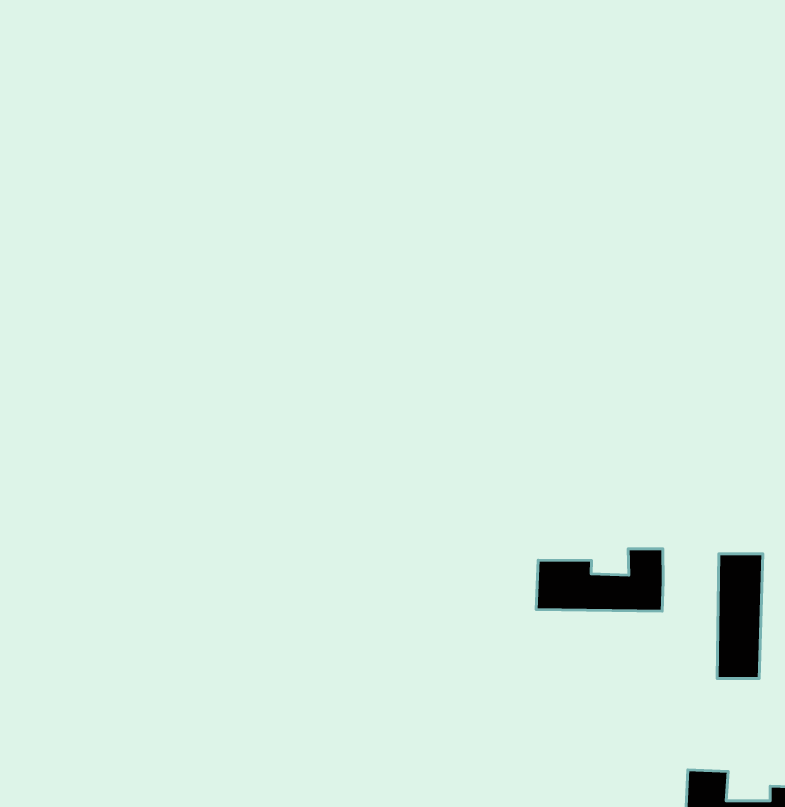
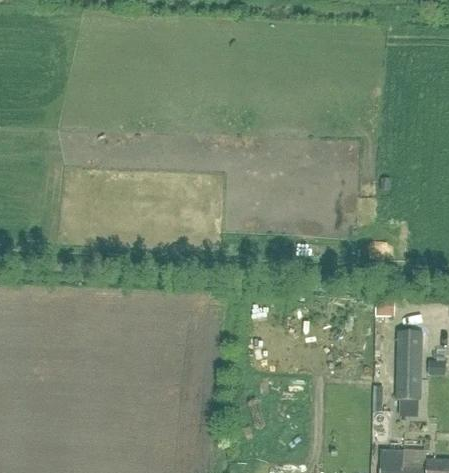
building: [536,549,663,611] -> none

